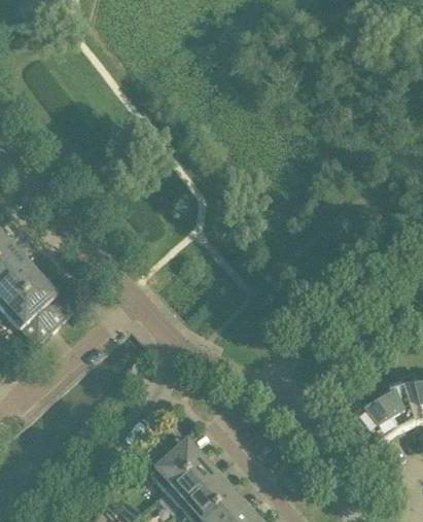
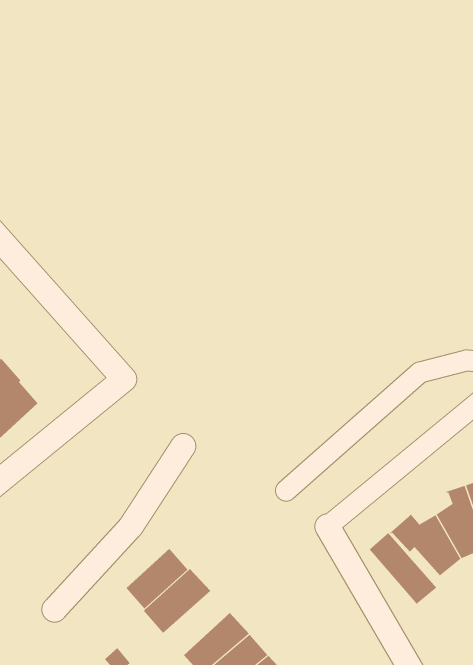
building: none -> [369,532,437,605]
building: [168,458,219,508] -> none

